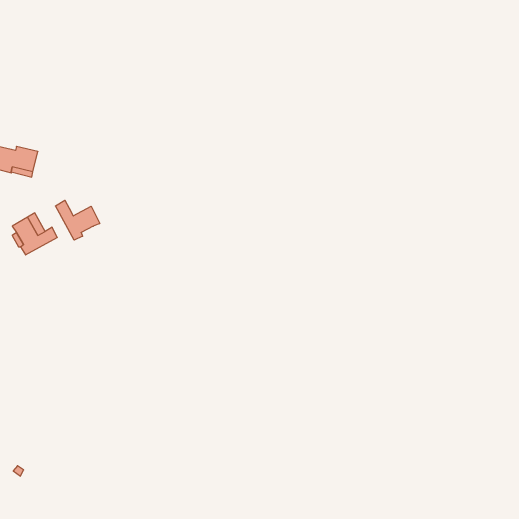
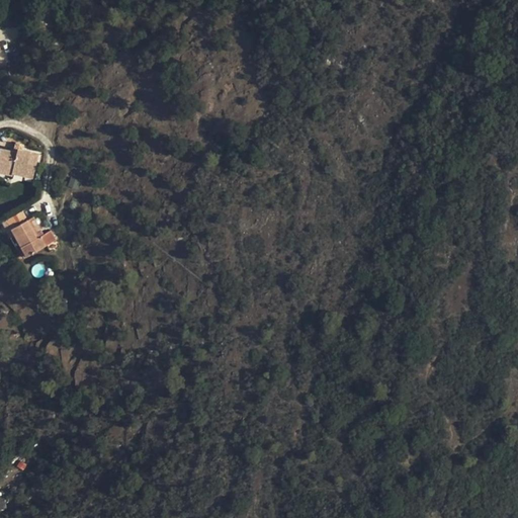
building: [55,200,100,240] -> none

